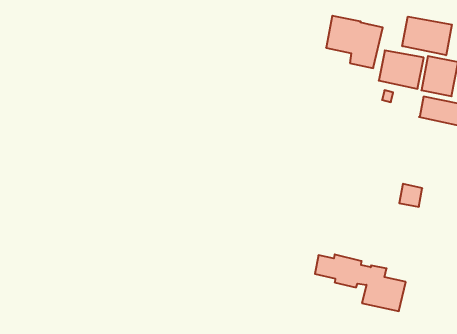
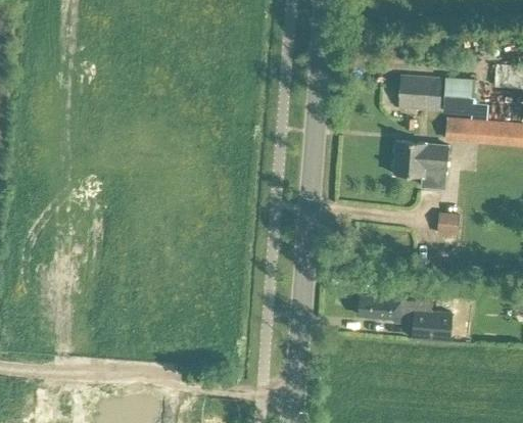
building: [326,16,383,68] -> [394,140,449,188]
building: [402,17,452,55] -> none

